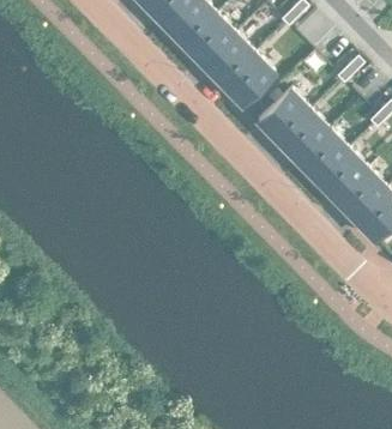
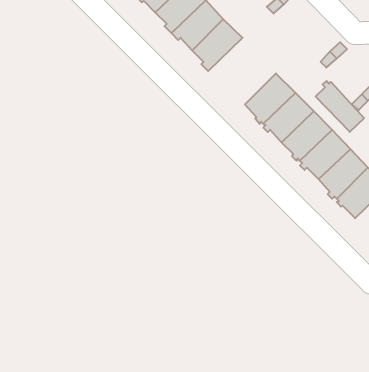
building: [218,52,273,104] -> none
building: none -> [316,81,364,132]

